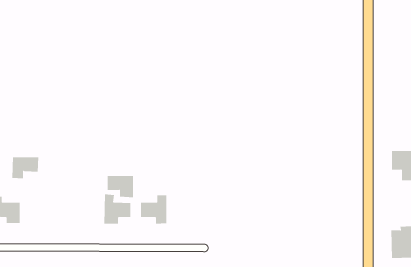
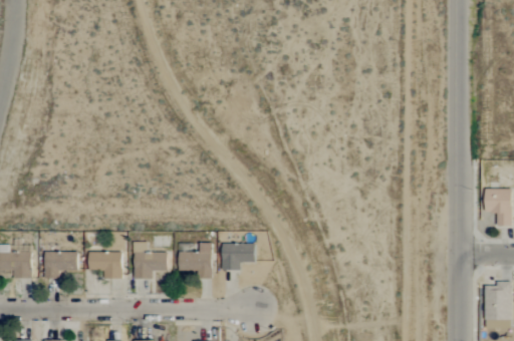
building: [11,157,39,179] -> [44,252,78,279]
building: [107,176,134,198] -> [89,252,122,279]
building: none -> [222,243,256,270]

